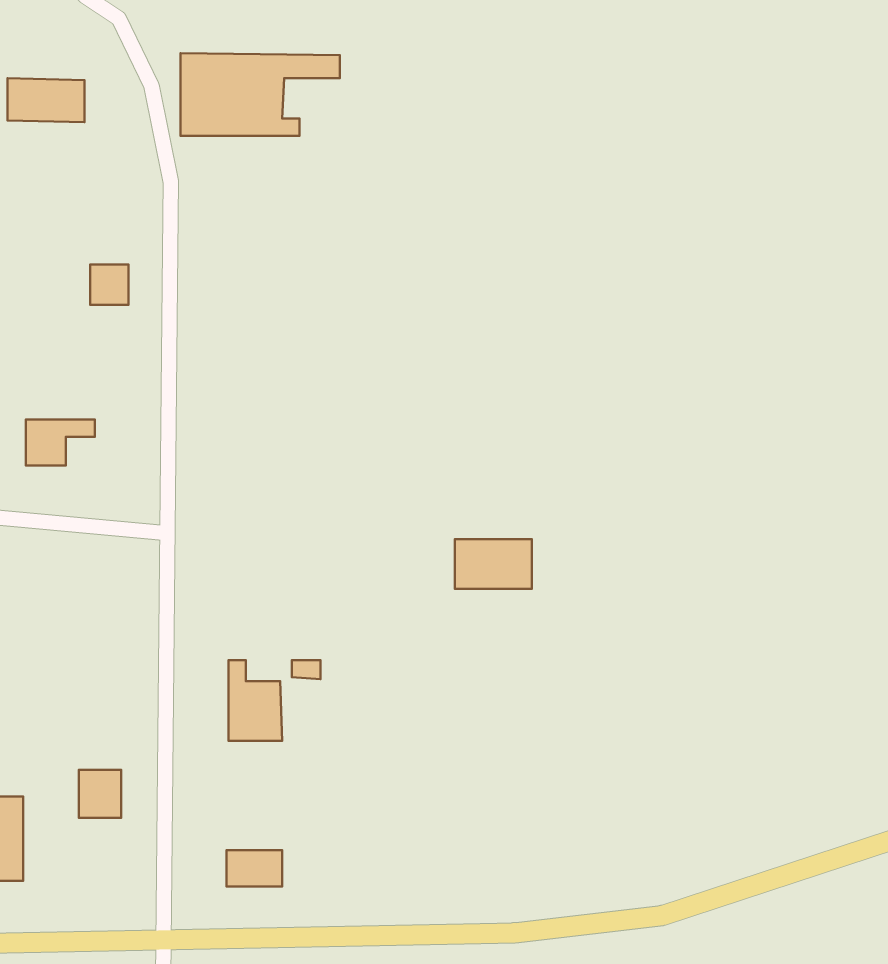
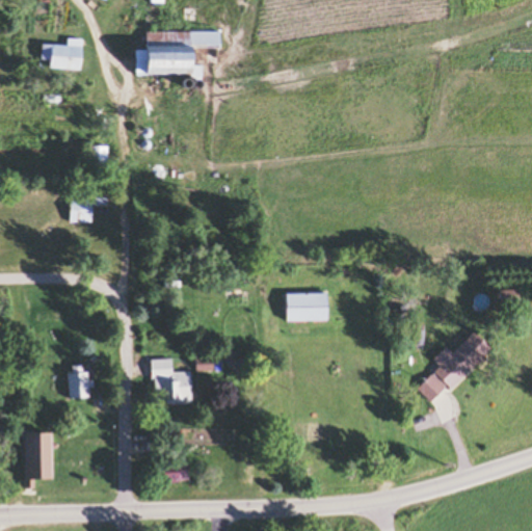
building: [26,419,95,466] -> [72,196,109,221]
building: none -> [418,329,491,401]
building: [79,770,121,818] -> [69,371,91,397]

